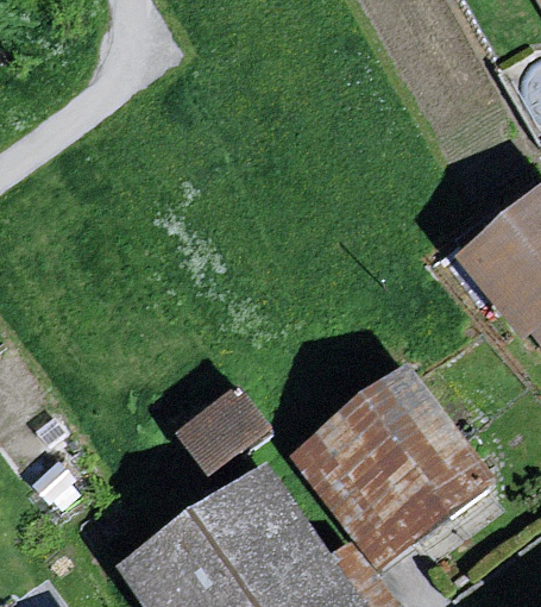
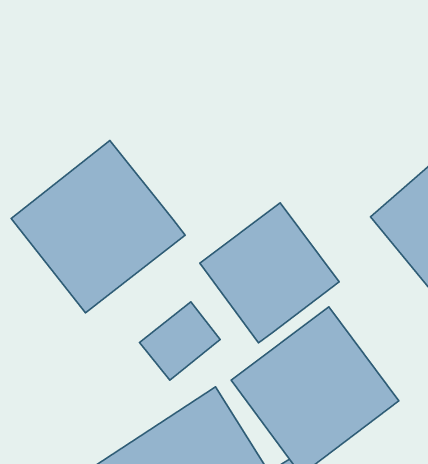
building: none -> [11,141,185,313]
building: none -> [200,203,339,343]

